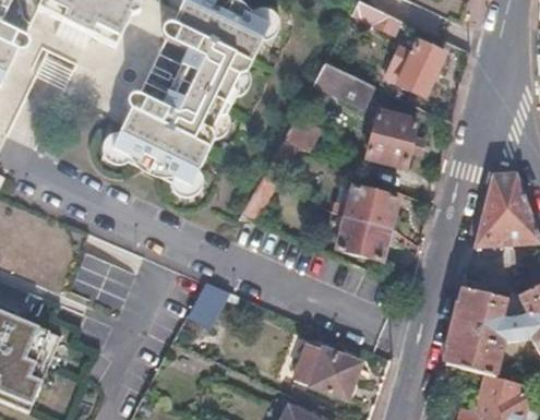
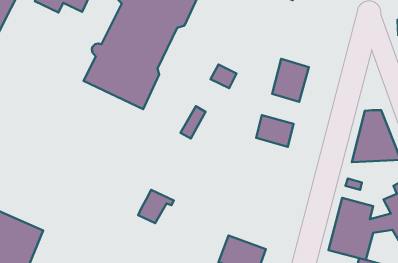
building: [391,37,447,93] -> none
building: [314,58,373,104] -> none
building: [337,214,389,257] -> none

